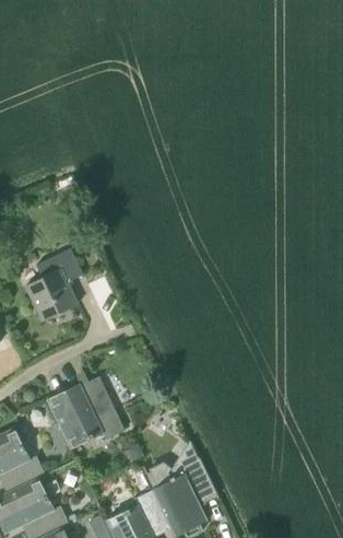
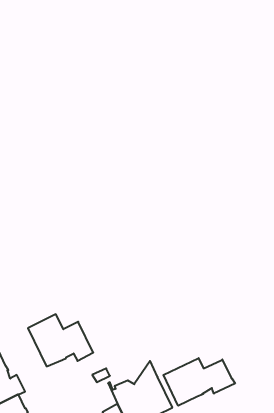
building: [25,248,82,321] -> none
building: none -> [163,358,235,406]

